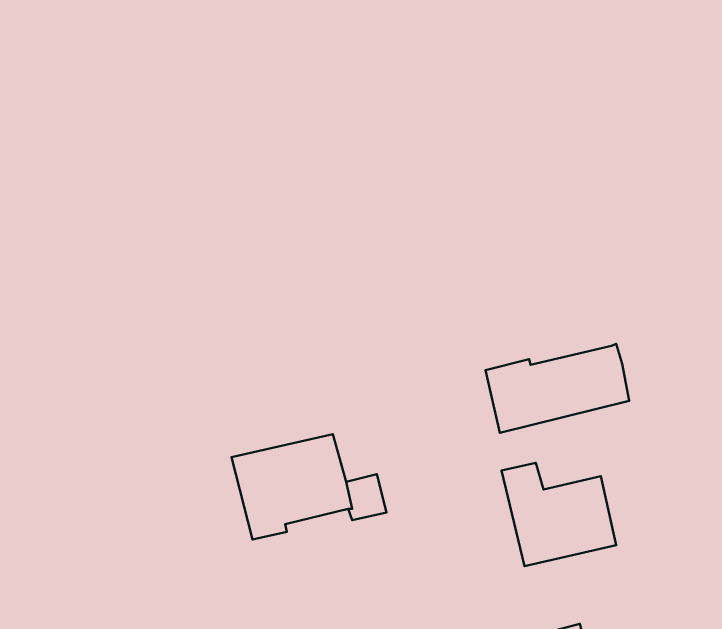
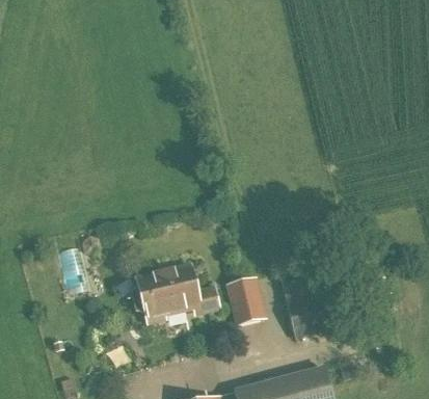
building: [485,344,629,433] -> none
building: none -> [230,277,264,324]

